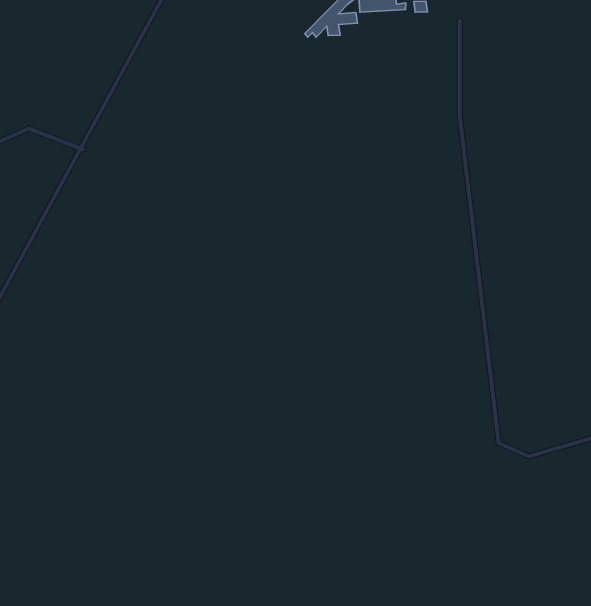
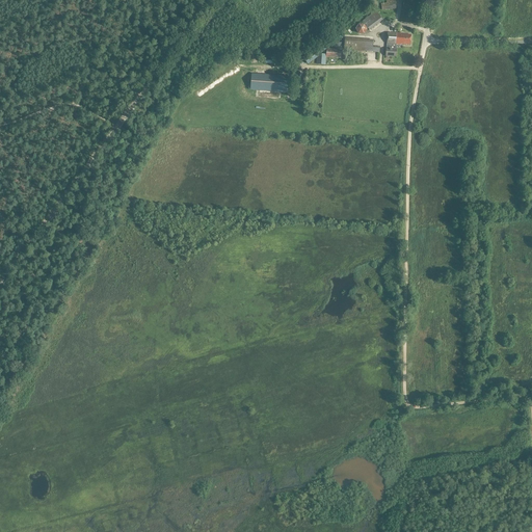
building: none -> [251,74,287,90]

